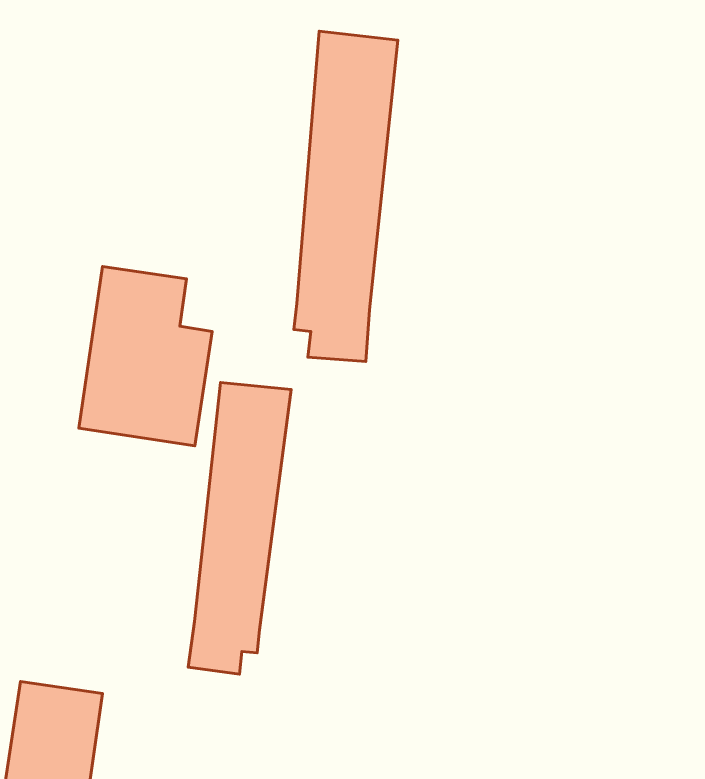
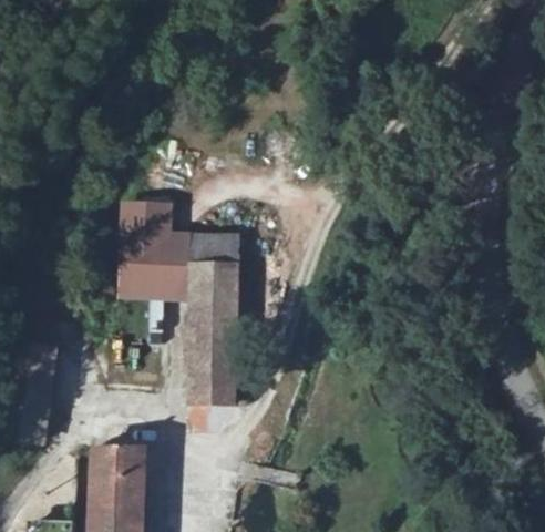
building: [294,31,398,362] -> none
building: none -> [195,237,237,262]

